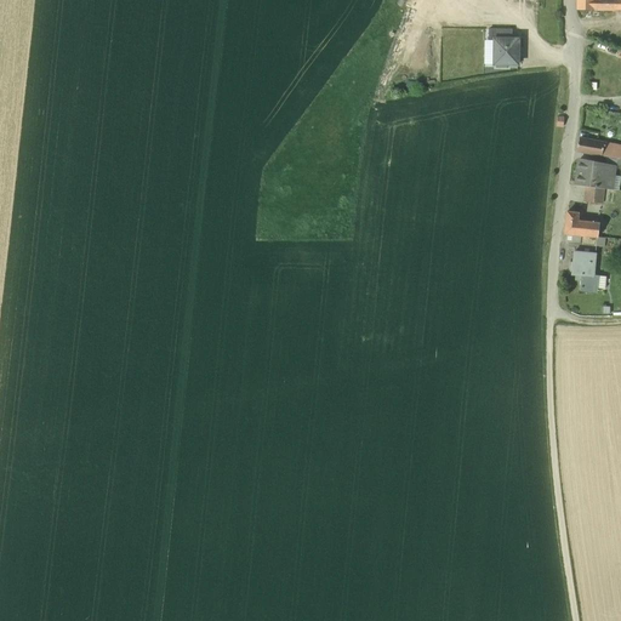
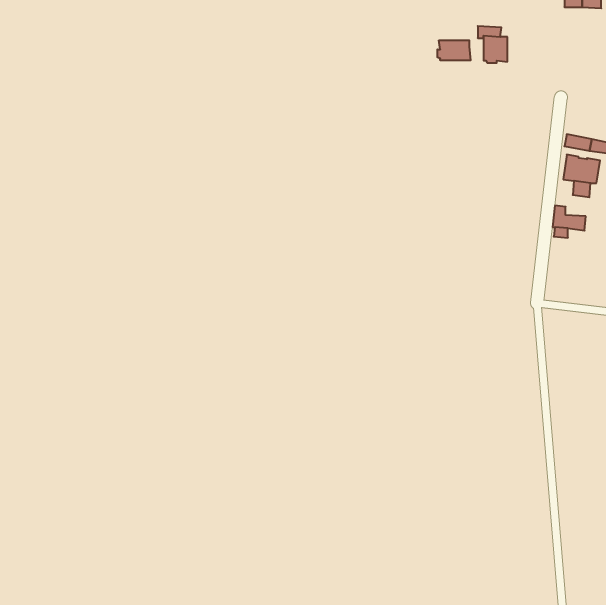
building: none -> [437,40,471,60]
building: [570,250,598,287] -> none

